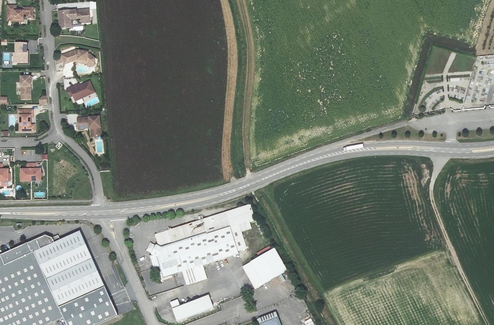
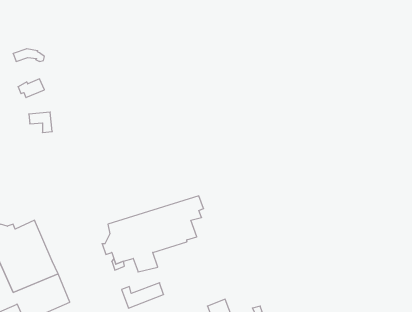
building: [56,12,87,30] -> none
building: [243,246,287,286] -> none

